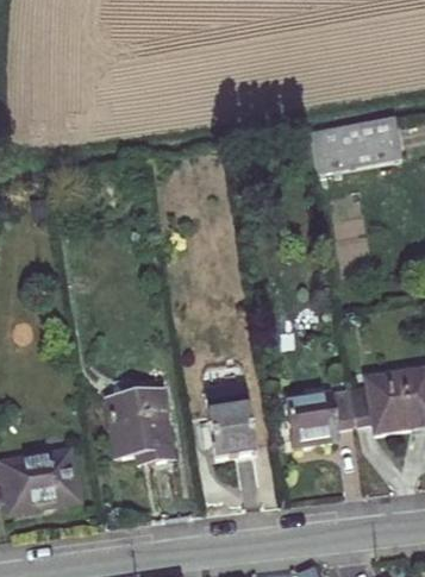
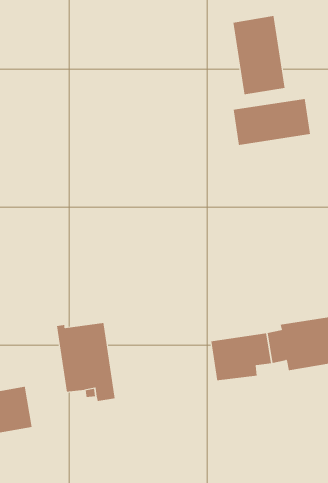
building: none -> [233,15,285,95]
building: [205,385,256,459] -> none

